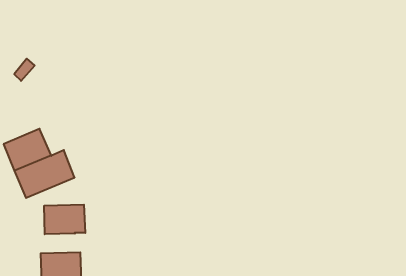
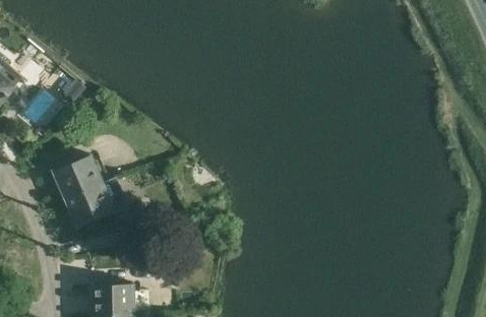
building: [44,205,85,234] -> none

